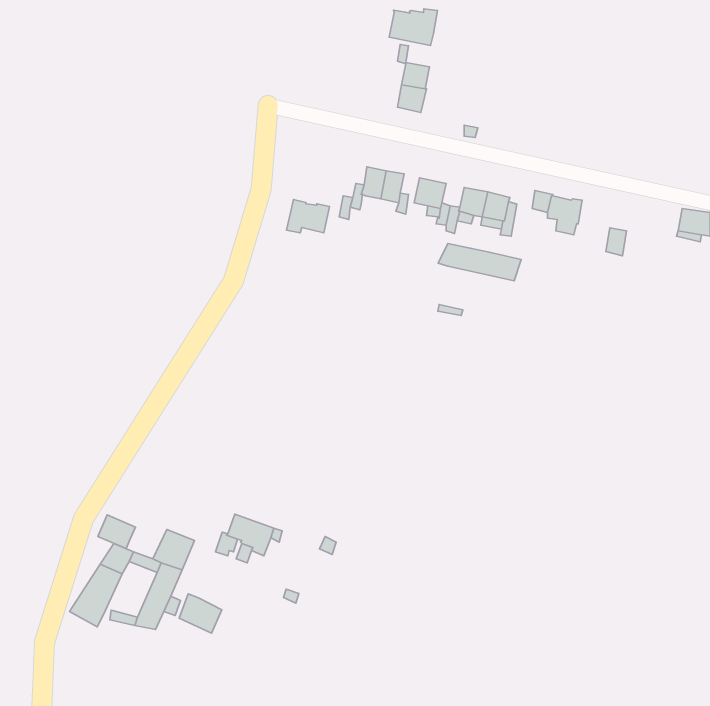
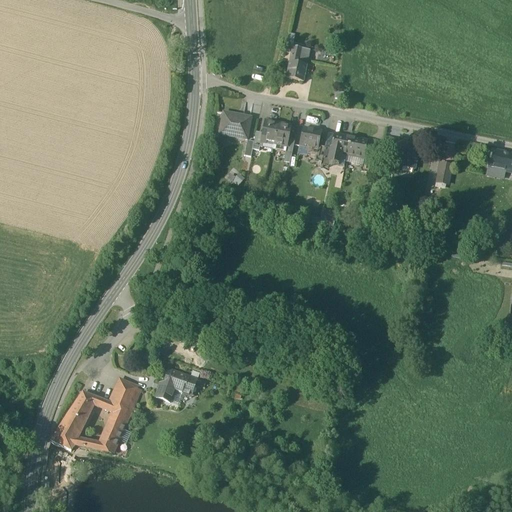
building: [389,9,438,46] -> none
building: [286,200,330,233] -> [219,112,250,136]
building: [438,244,521,281] -> none
building: [98,515,136,548] -> none
building: [179,594,222,633] -> none

